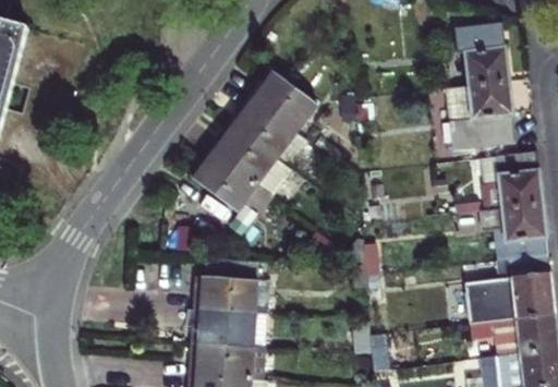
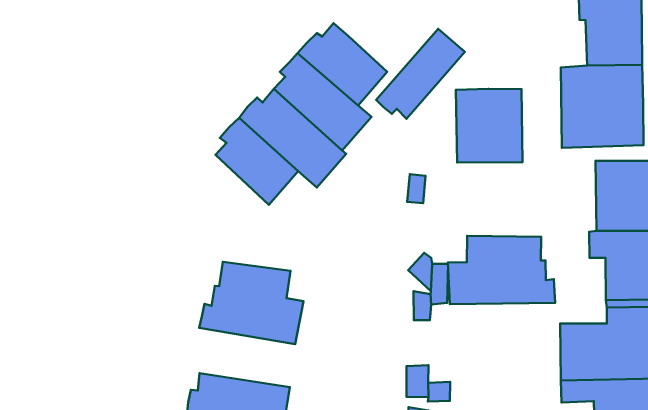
building: none -> [376,29,465,119]
building: none -> [456,89,523,163]
building: none -> [448,236,555,304]
building: [192,310,266,348] -> none

